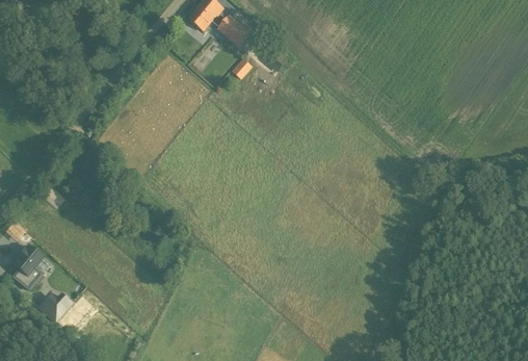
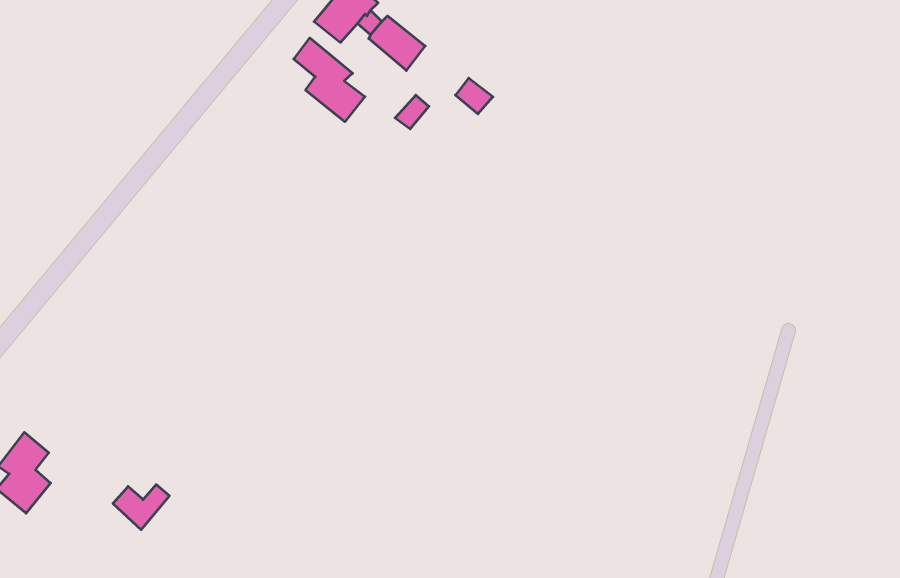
building: none -> [294,38,365,122]
building: [39,295,71,320] -> [113,485,169,530]

